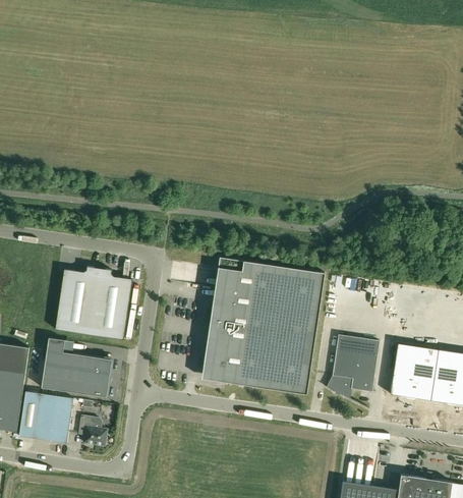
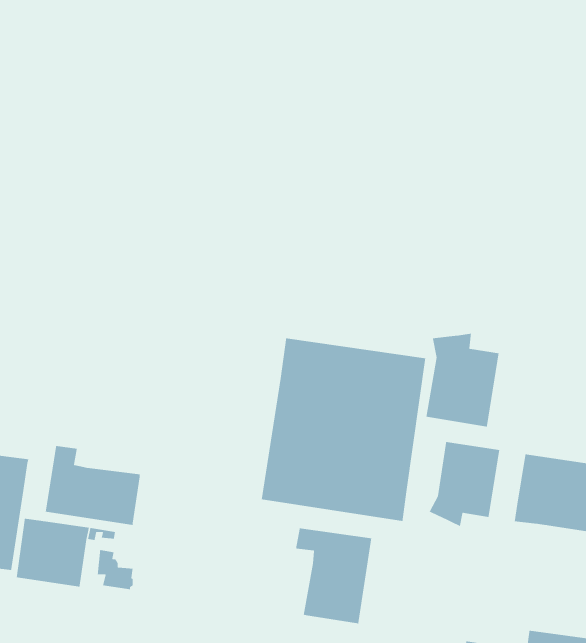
building: none -> [426,333,500,428]
building: [54,266,132,339] -> none
building: none -> [295,528,372,625]

